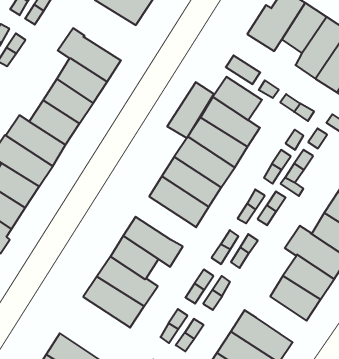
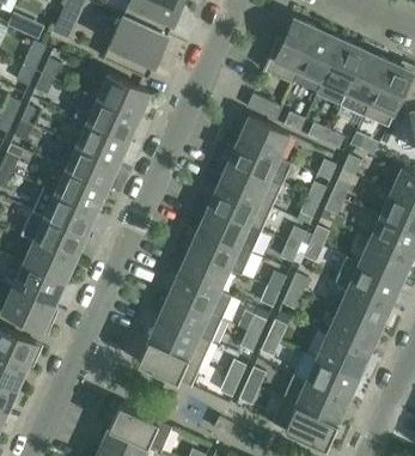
building: none -> [97,74,149,117]
building: [167,82,214,138] -> none
building: none -> [178,251,228,292]
building: none -> [317,334,368,377]

